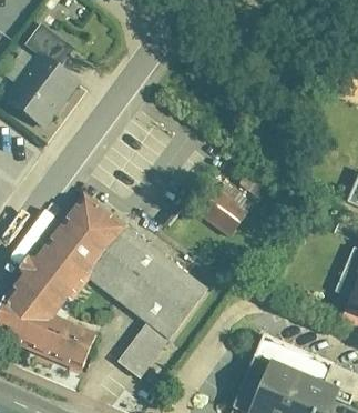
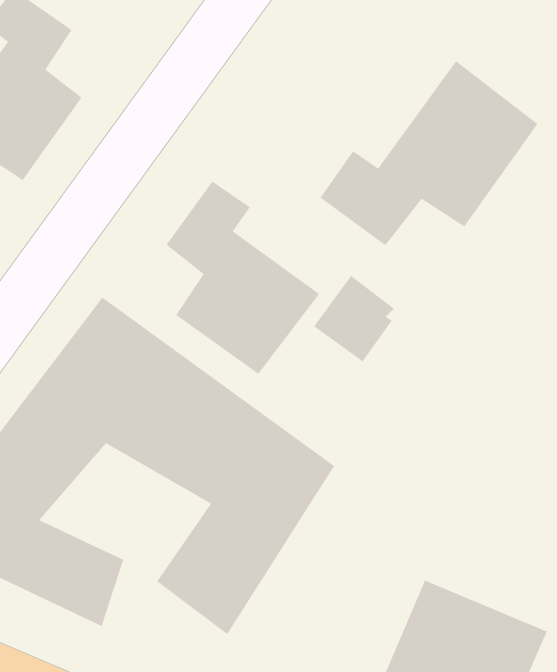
building: none -> [320,60,539,246]
building: none -> [165,180,320,375]

